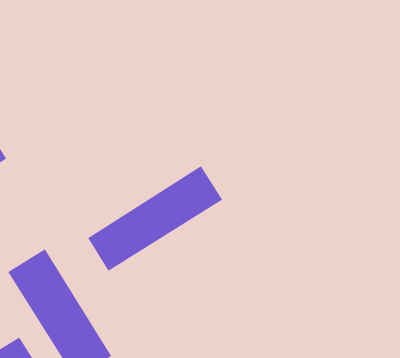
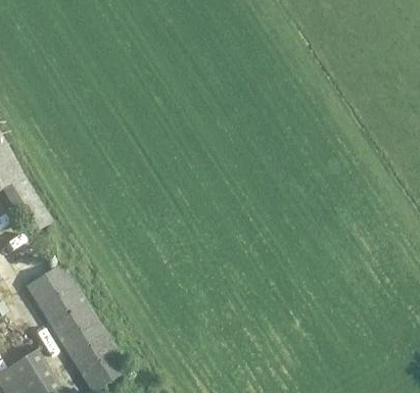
building: [87,165,223,272] -> none

